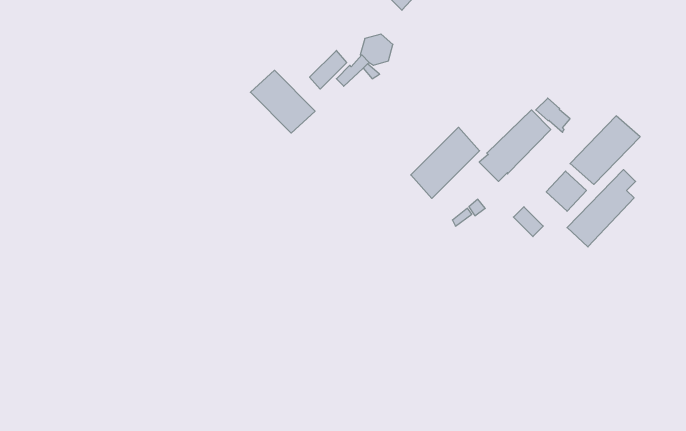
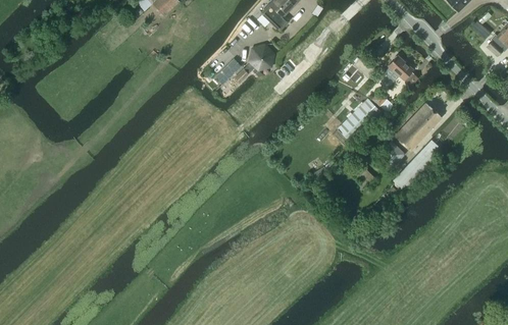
building: none -> [387,53,418,87]
building: [250,70,315,133] -> none
building: [411,127,480,198] -> none

